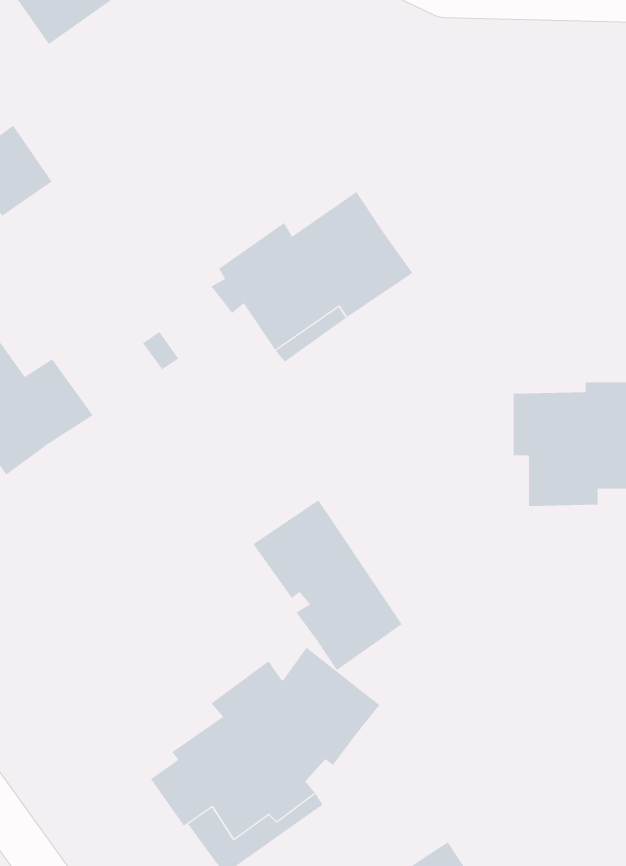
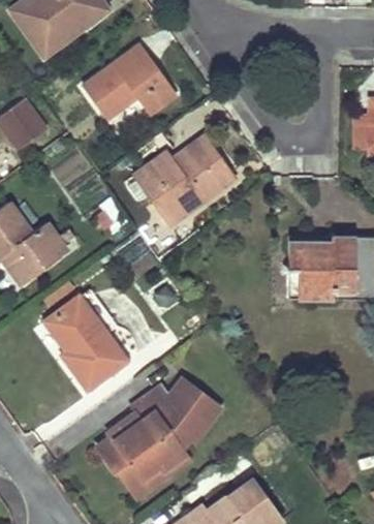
building: none -> [83,45,177,121]
building: [253,499,403,671] -> [43,297,123,388]

